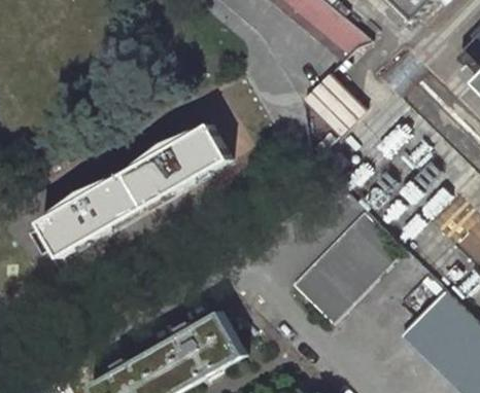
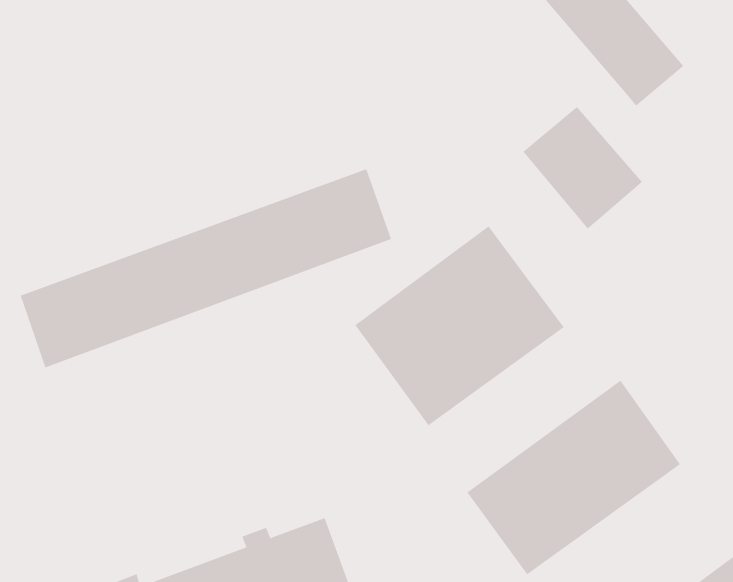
building: none -> [354,226,564,426]

